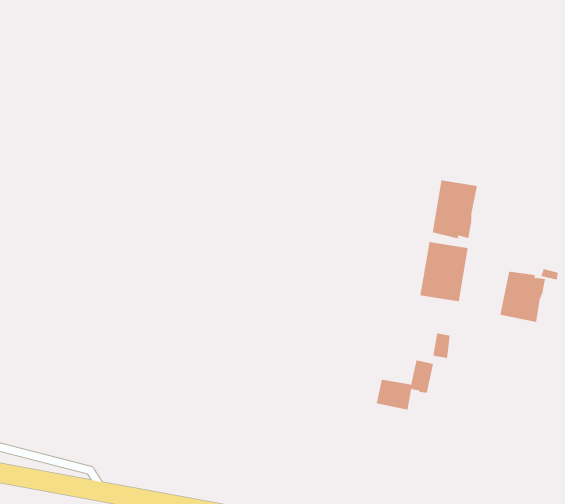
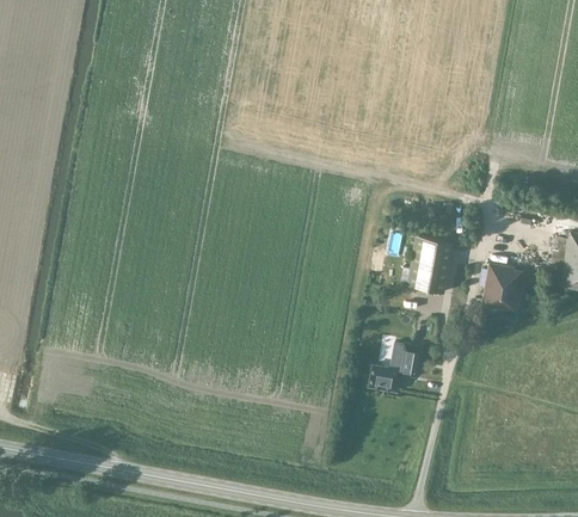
building: [432,179,477,239] -> none

